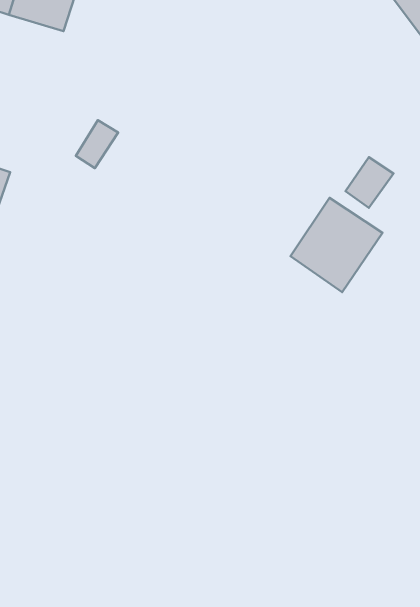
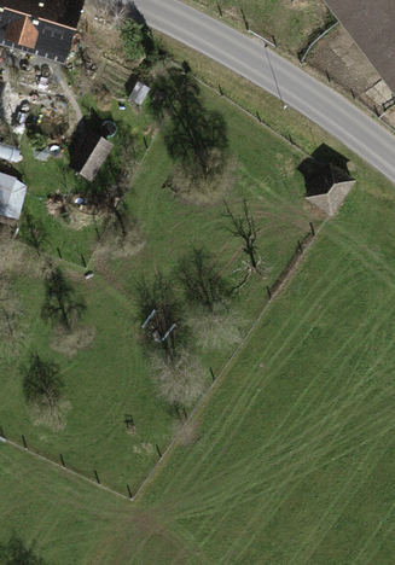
building: [290,198,383,292] -> none

